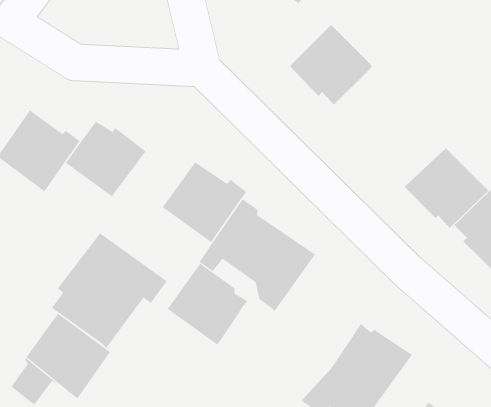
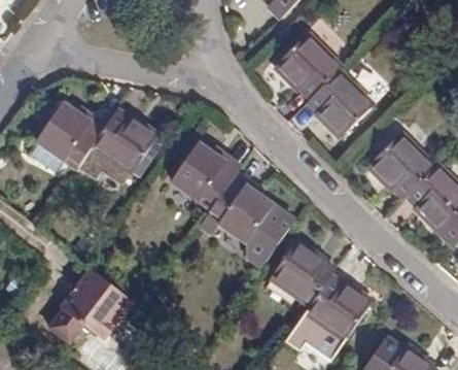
building: none -> [308,69,375,138]
building: [51,232,168,349] -> none
building: [167,263,248,346] -> [270,239,336,306]

